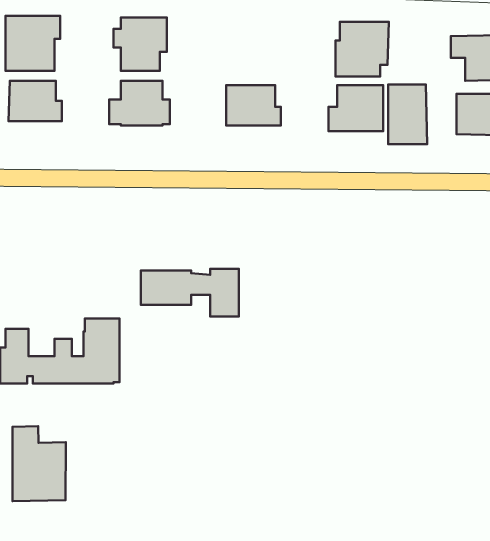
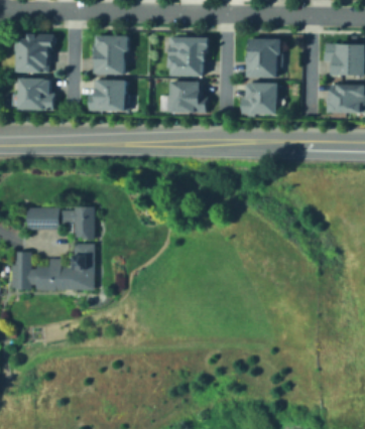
building: none -> [167,38,208,75]
building: [388,85,427,144] -> none
building: [141,269,239,317] -> [25,206,94,240]
building: [12,426,66,501] -> none

